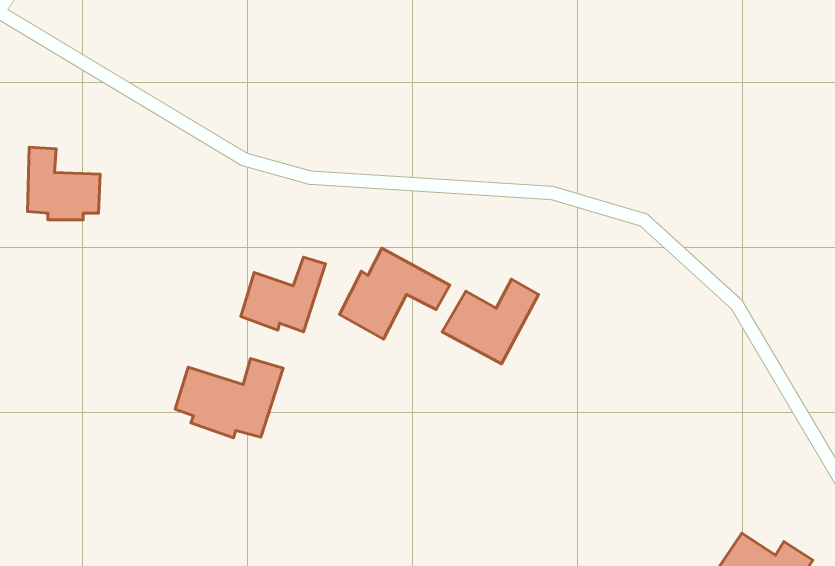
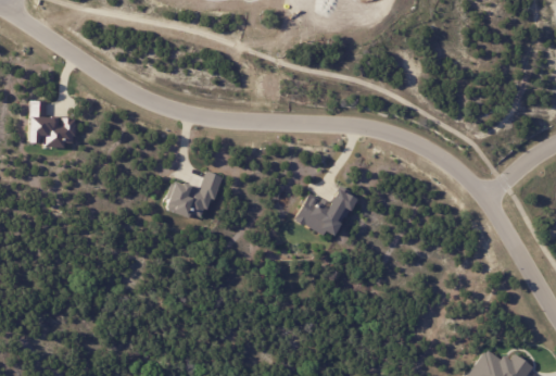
building: [340,248,450,339] -> none
building: [175,359,283,438] -> none

